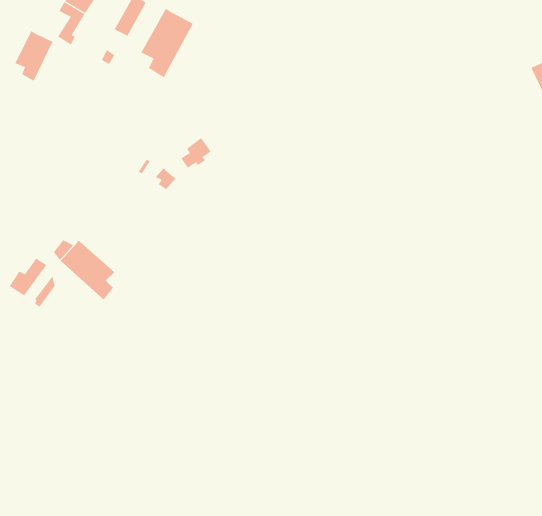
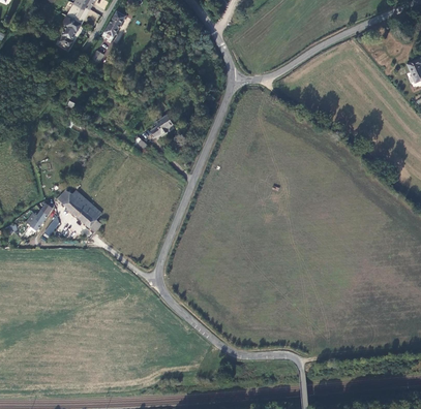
building: [141,8,194,78] -> none
building: [15,30,53,82] -> none

